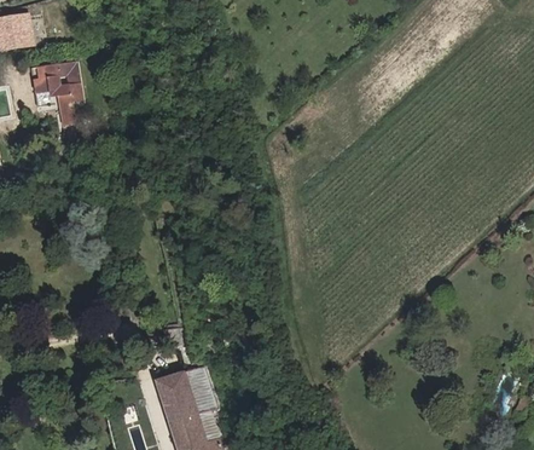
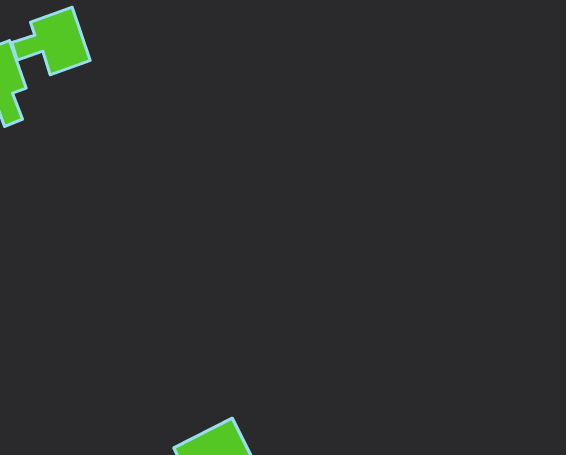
building: none -> [12,7,90,75]

